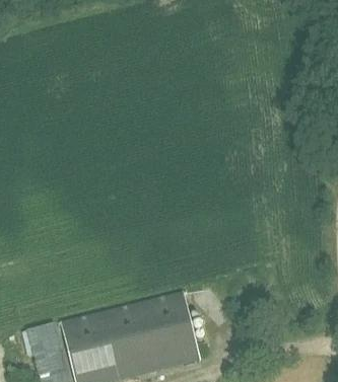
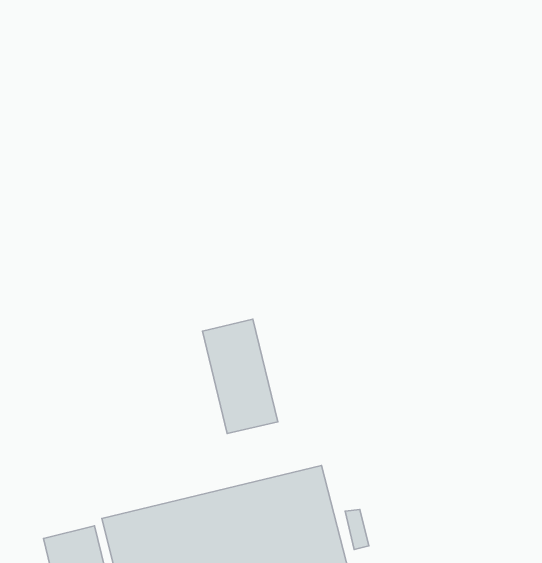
building: none -> [202,319,278,434]

